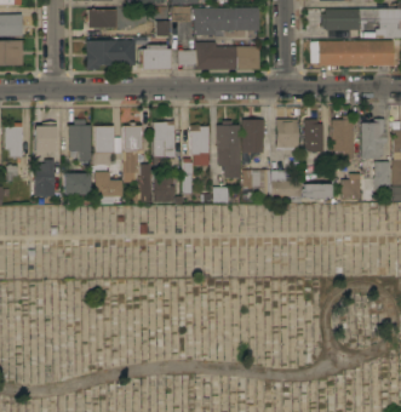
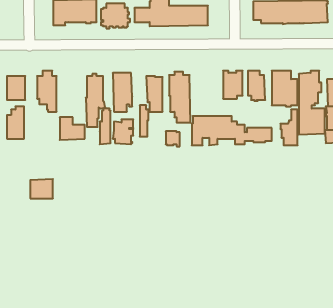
building: [242,119,264,164] -> none
building: [92,126,114,165] -> none
building: [64,172,90,194] -> [30,179,53,198]

